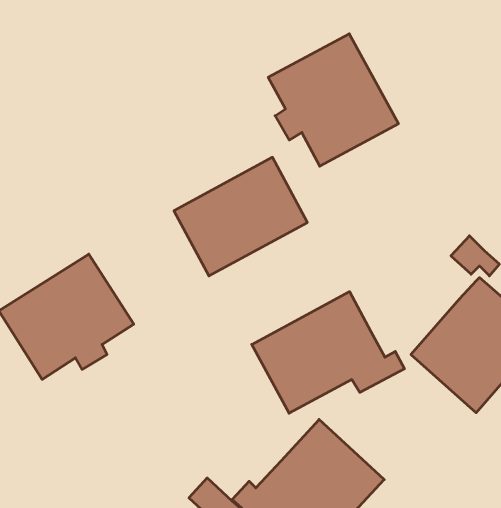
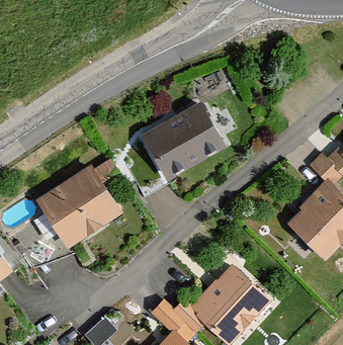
building: [268,34,398,166] -> none
building: [252,292,404,413] -> none

